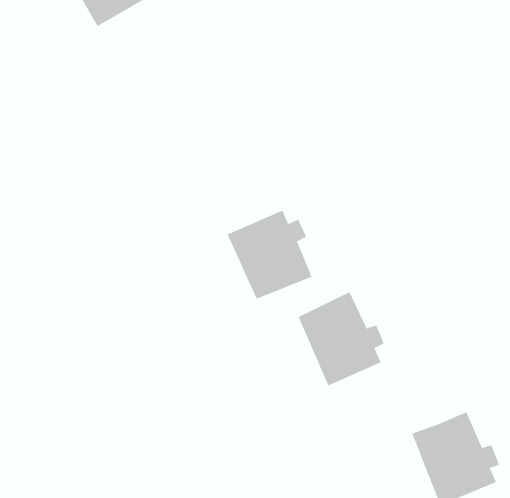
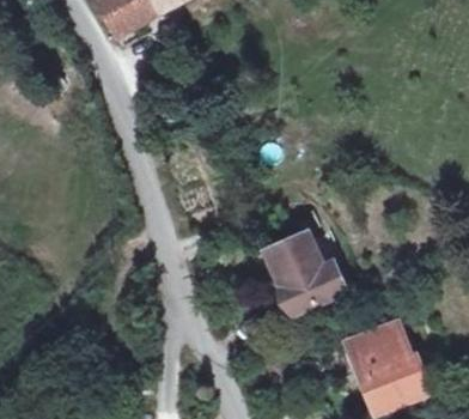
building: [227,210,312,300] -> none

